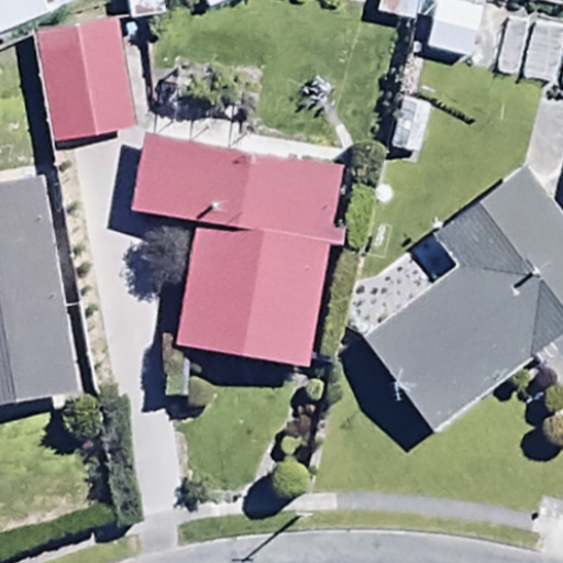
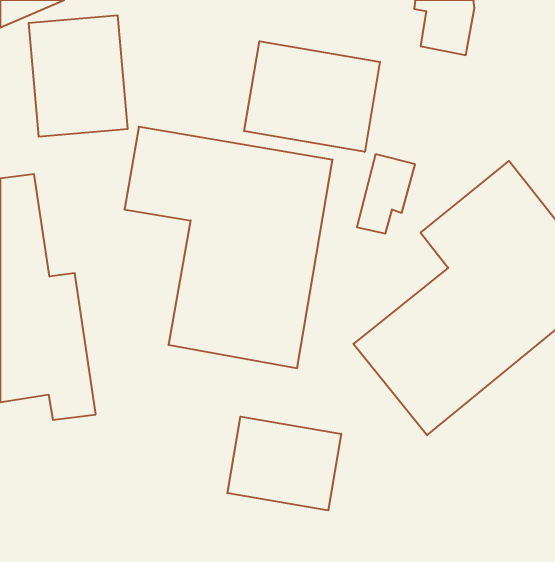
building: none -> [244,41,380,152]
building: none -> [227,417,341,510]

